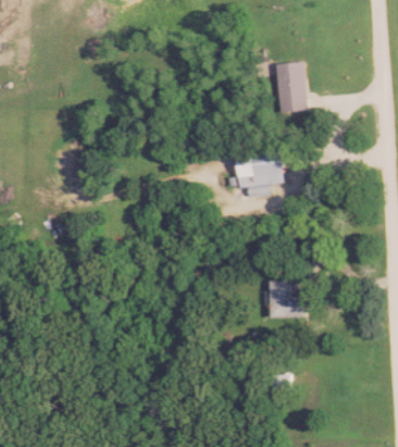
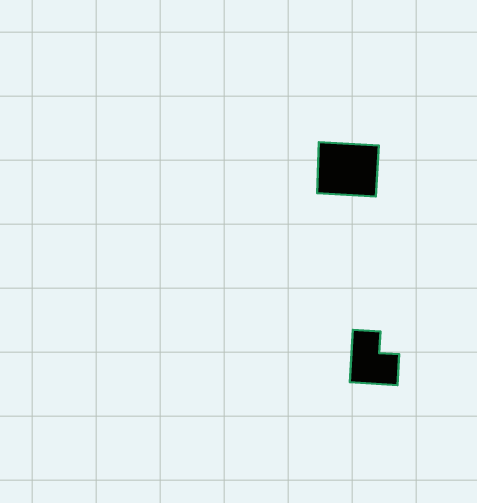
building: [276,63,308,115] -> none

